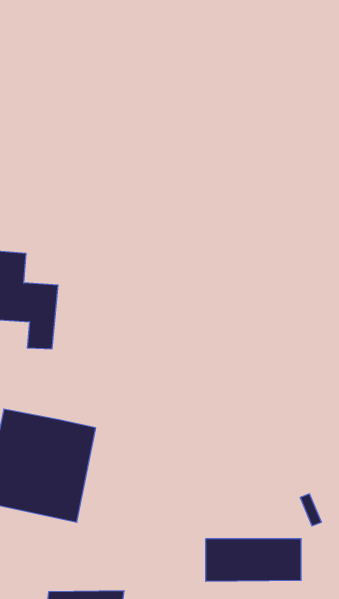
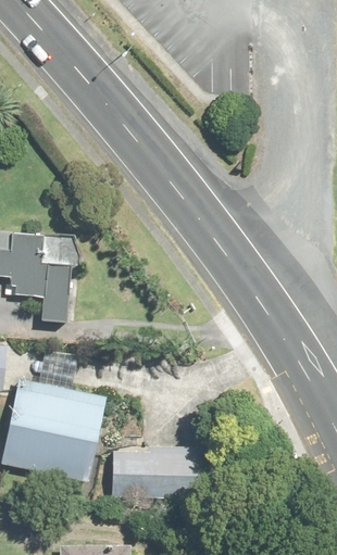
building: [206,539,301,581] -> [114,453,202,492]

